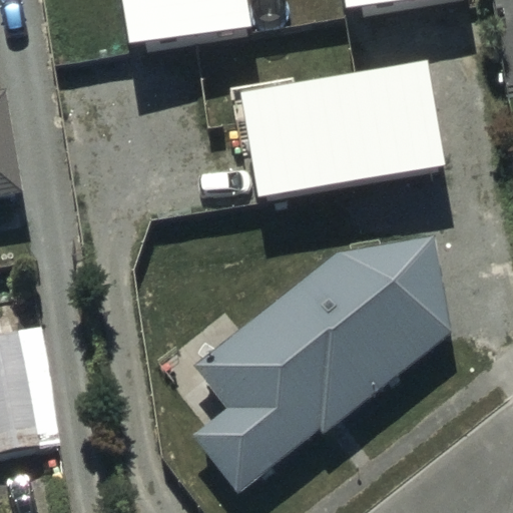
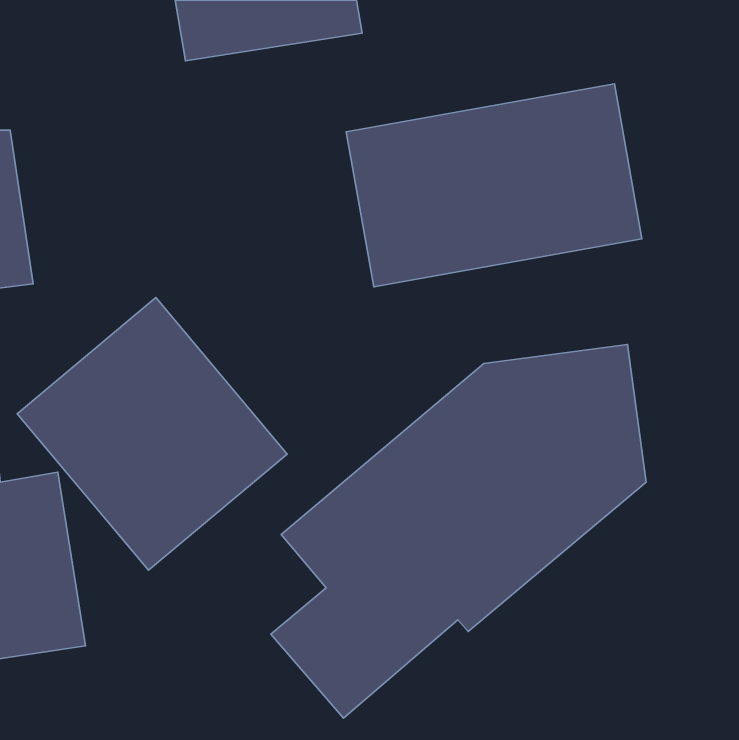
building: none -> [17,298,287,570]

